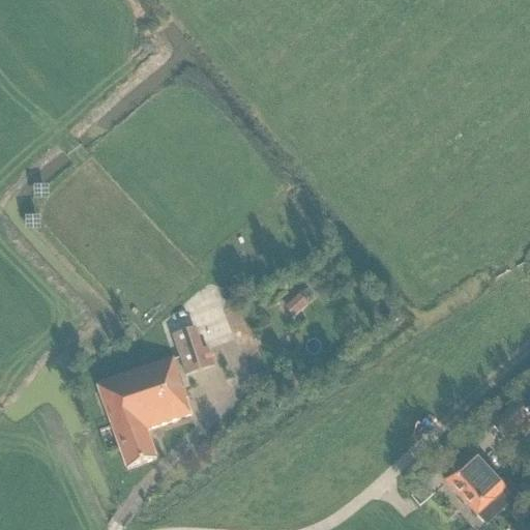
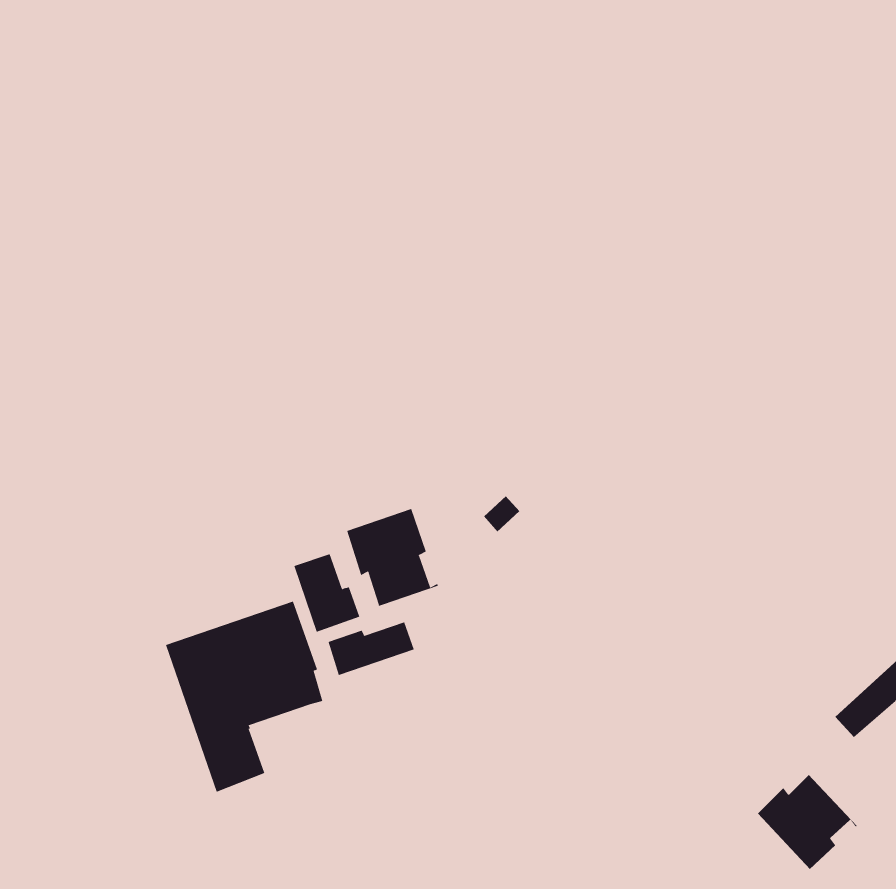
building: none -> [346,508,438,609]
building: none -> [328,622,415,676]

